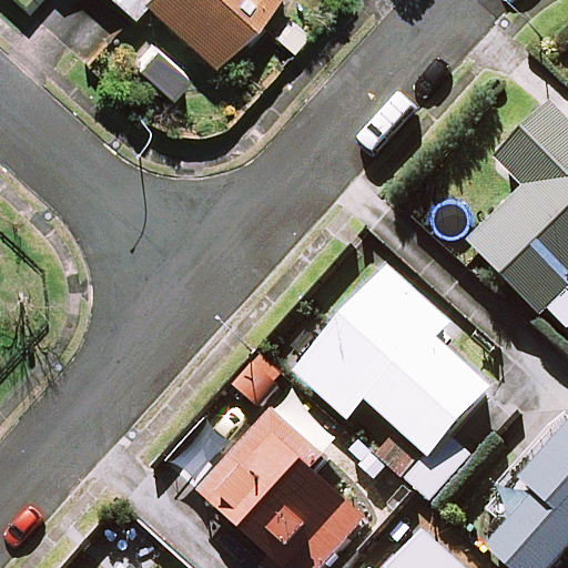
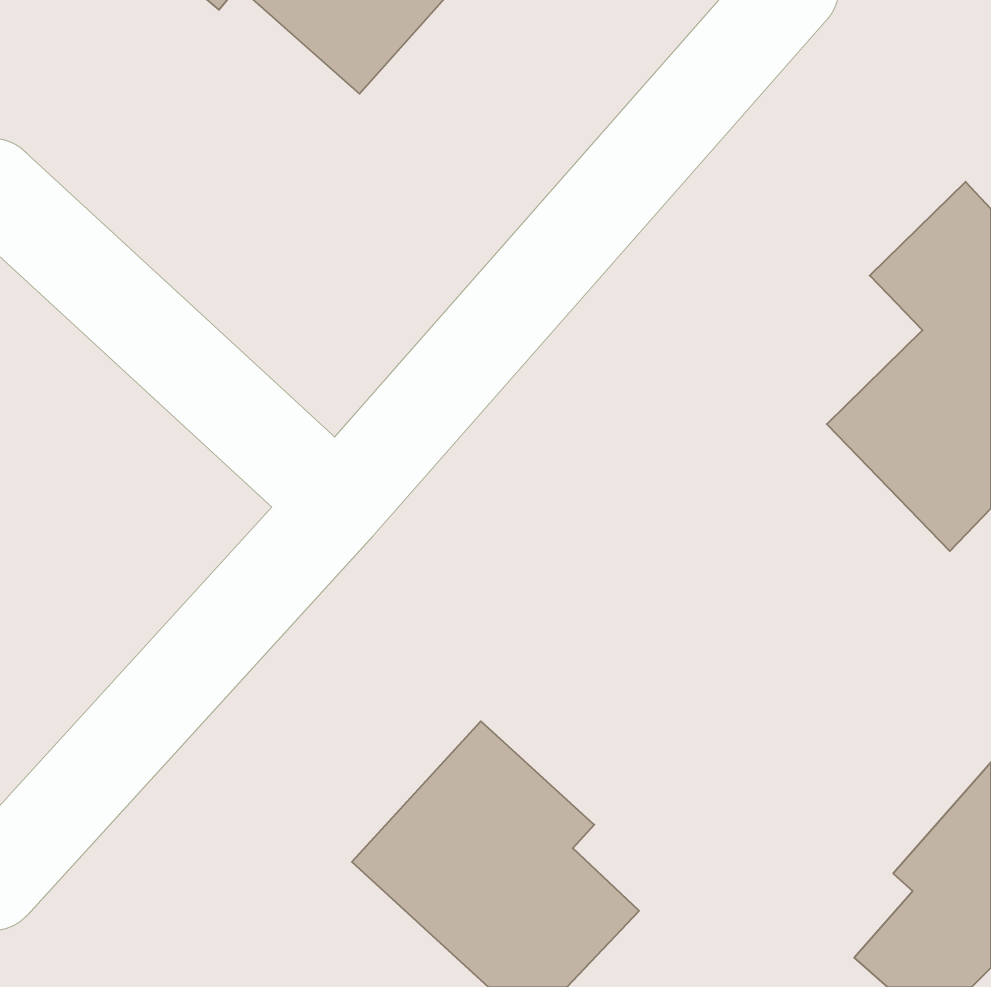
building: [296,268,490,500] -> none

